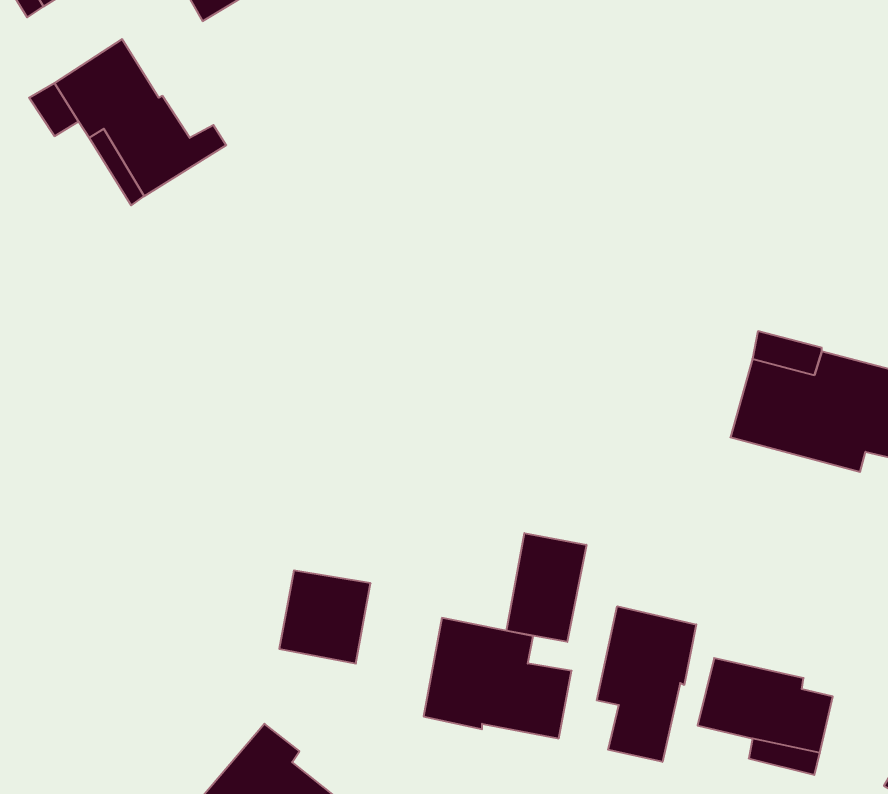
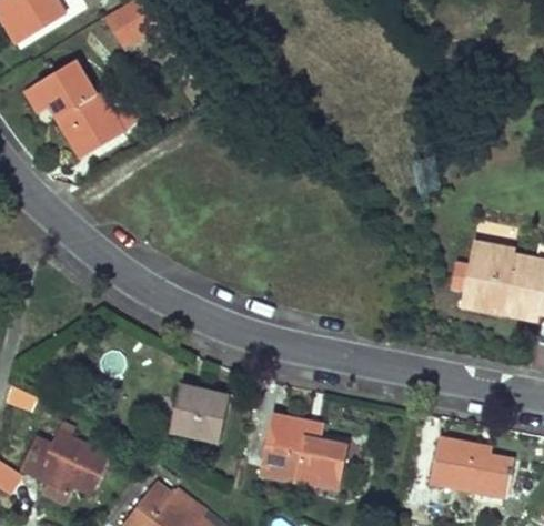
building: [506,533,586,642] -> none
building: [597,606,696,762] -> none
building: none -> [22,436,104,503]

